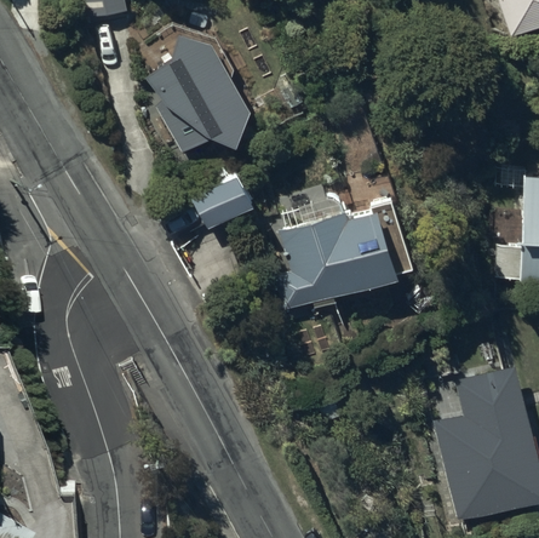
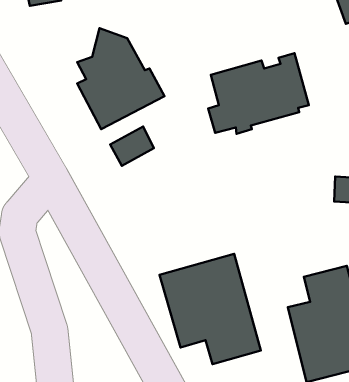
building: [275,200,412,309] -> [208,53,309,134]
building: none -> [160,254,261,364]

